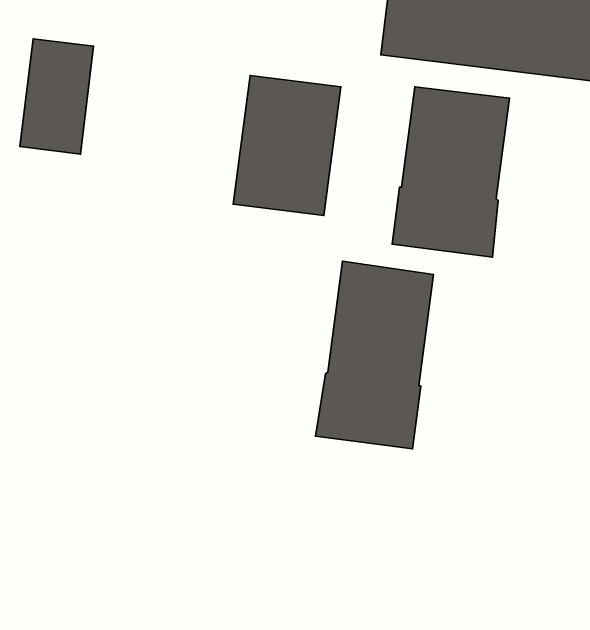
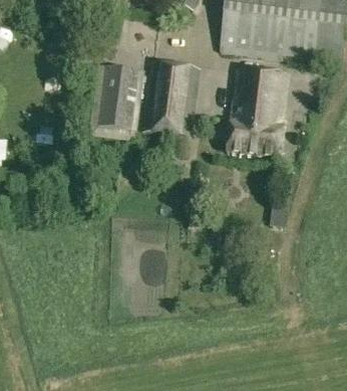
building: [20,39,94,154] -> [98,66,137,128]
building: [316,261,434,449] -> none

